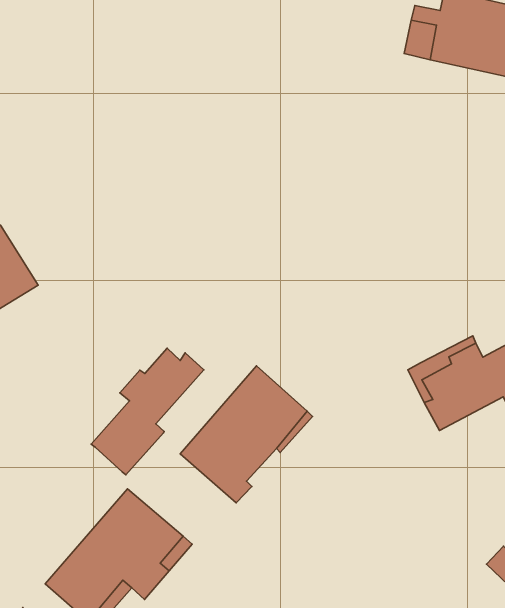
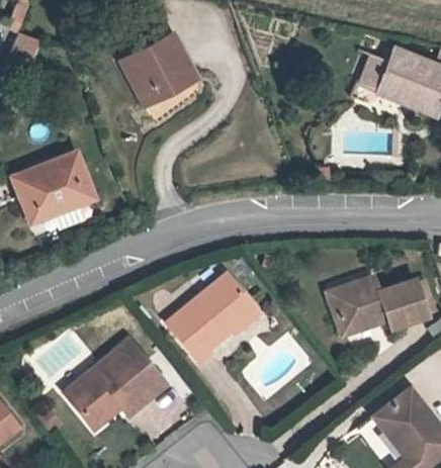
building: none -> [121,35,194,102]
building: [91,348,204,475] -> none

